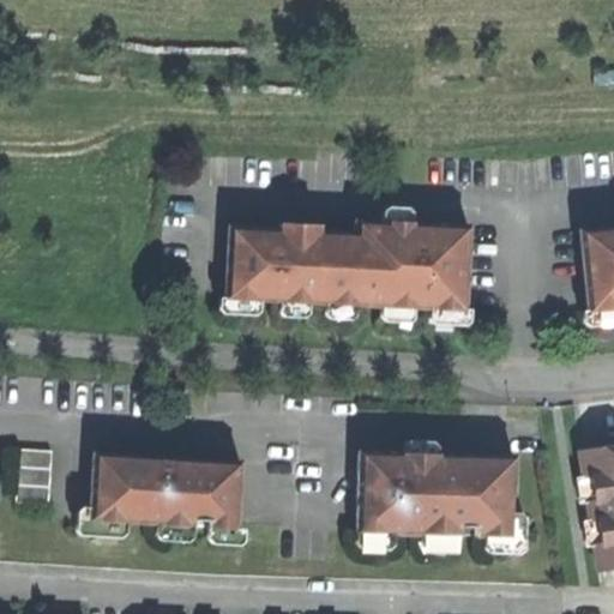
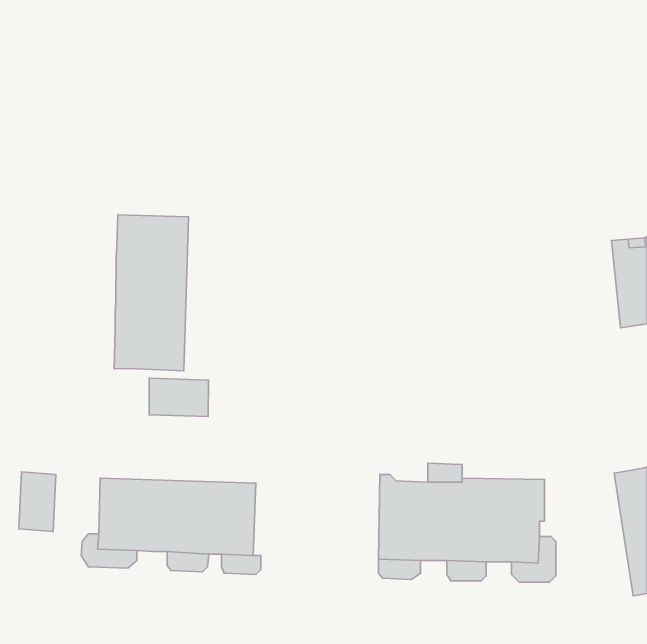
building: none -> [114,215,189,371]
building: [228,221,470,308] -> none
building: none -> [149,378,208,417]

